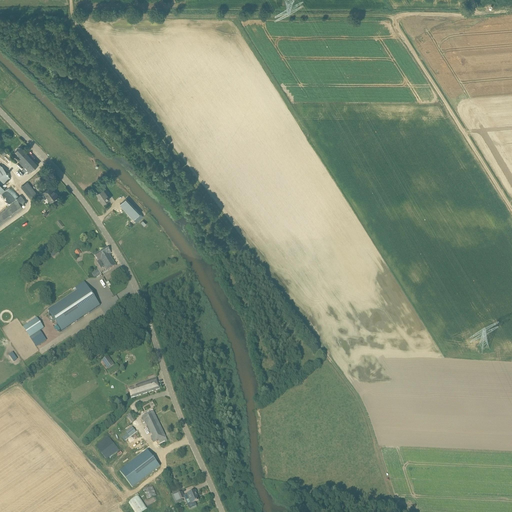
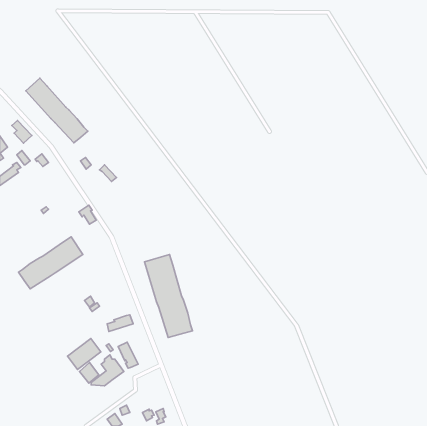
building: none -> [26,78,88,143]
building: none -> [145,254,192,337]
building: [119,448,159,485] -> [67,338,101,369]

